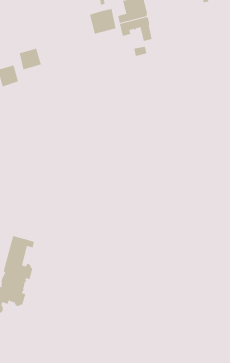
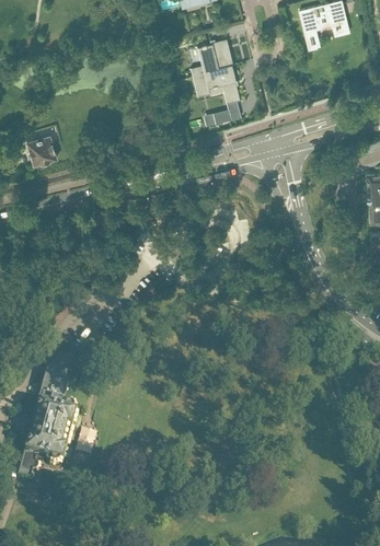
building: [89,8,116,34] -> none
building: [19,48,41,70] -> none

